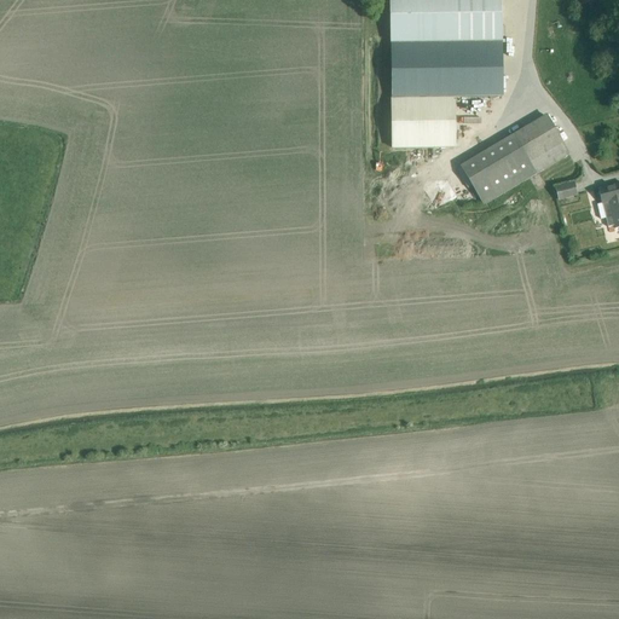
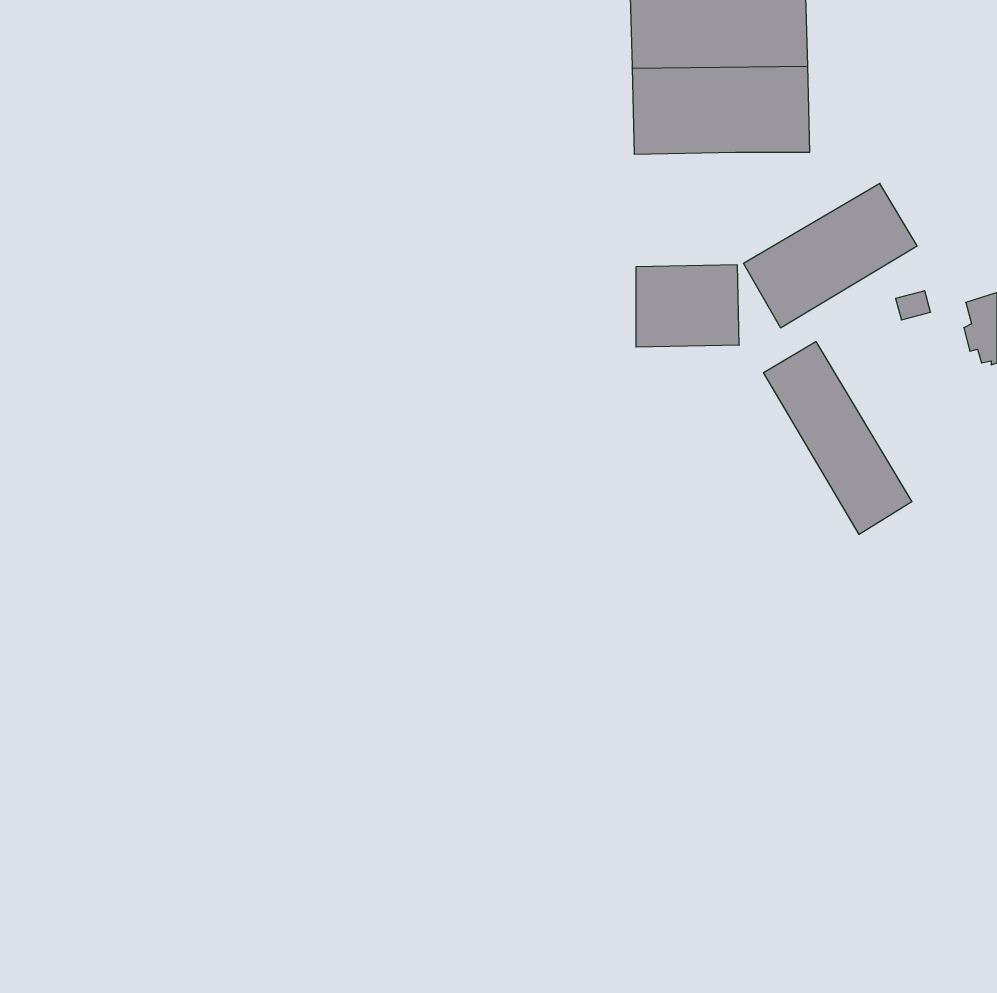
building: [393,94,457,145] -> [636,265,739,347]
building: none -> [764,342,912,534]

